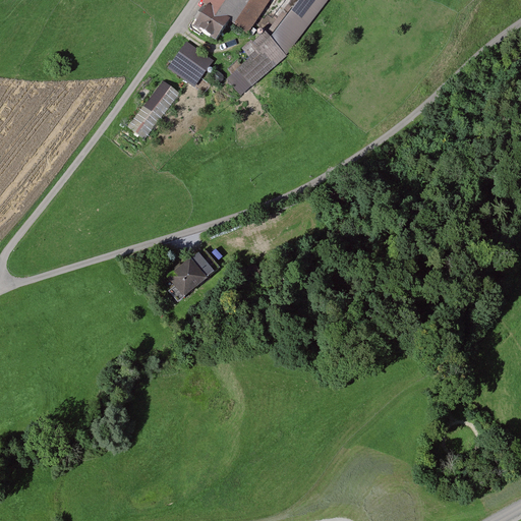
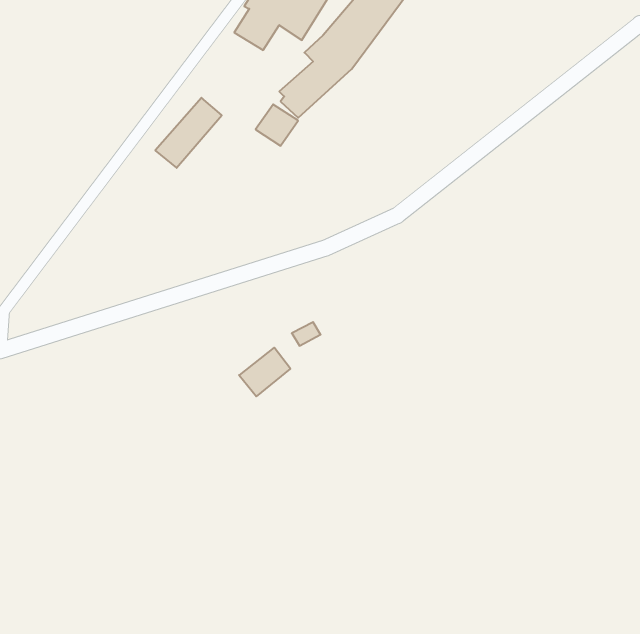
building: [175,40,210,73] -> [256,104,298,146]
building: [171,251,213,291] -> [239,348,290,396]

